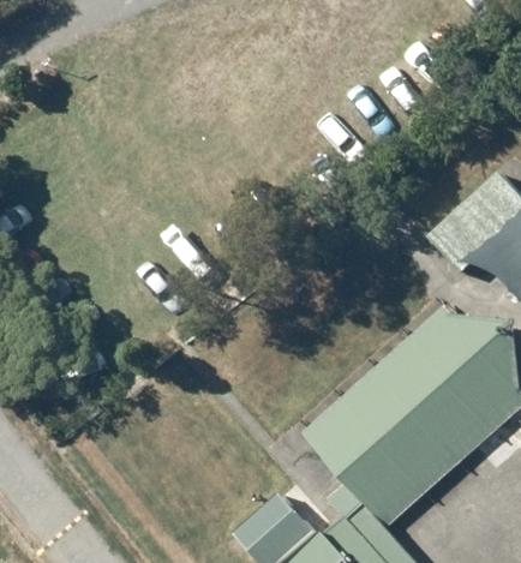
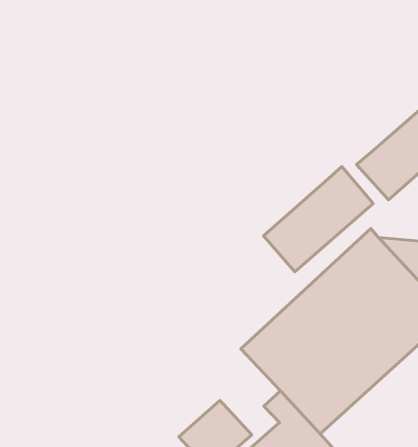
building: none -> [263,166,373,272]

